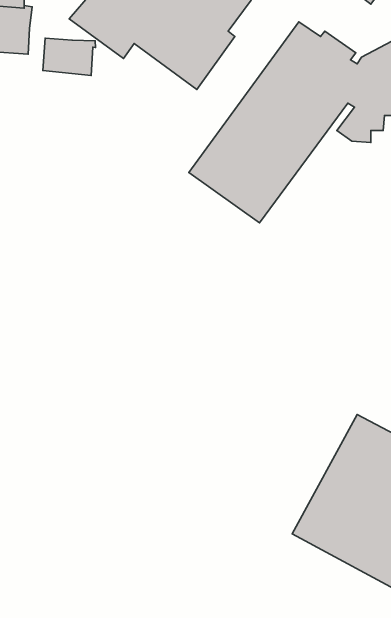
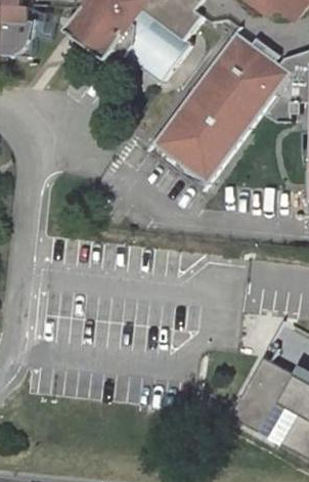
building: [43,38,96,75] -> none

